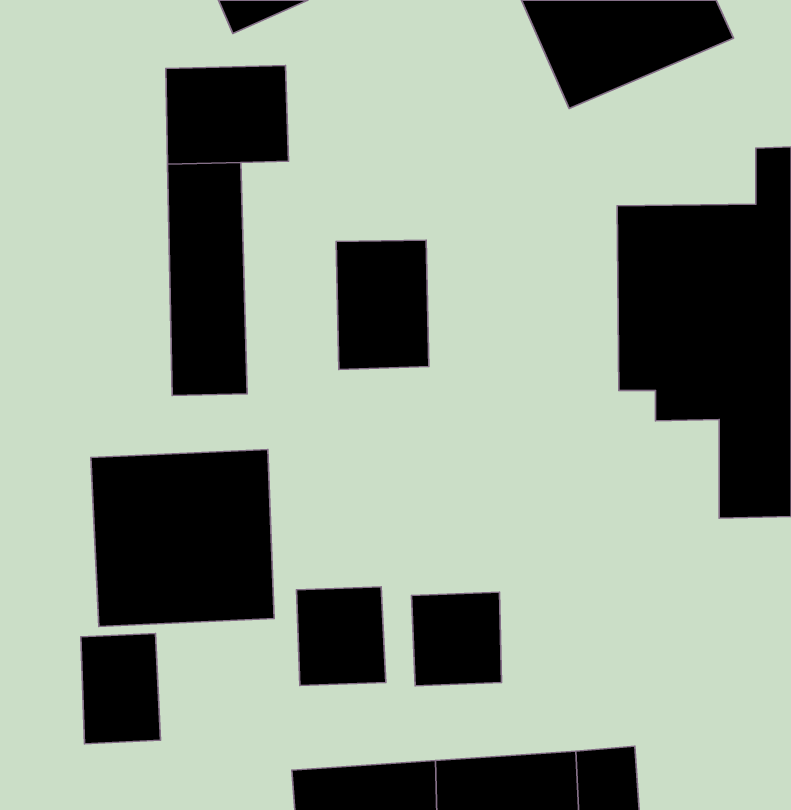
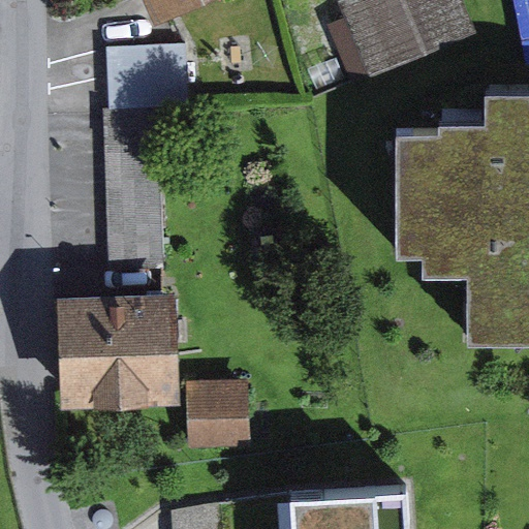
building: [336,240,429,370] -> none
building: [411,592,501,686] -> none
building: [81,634,161,744] -> none

